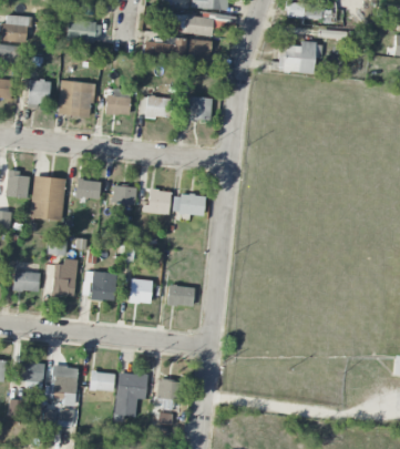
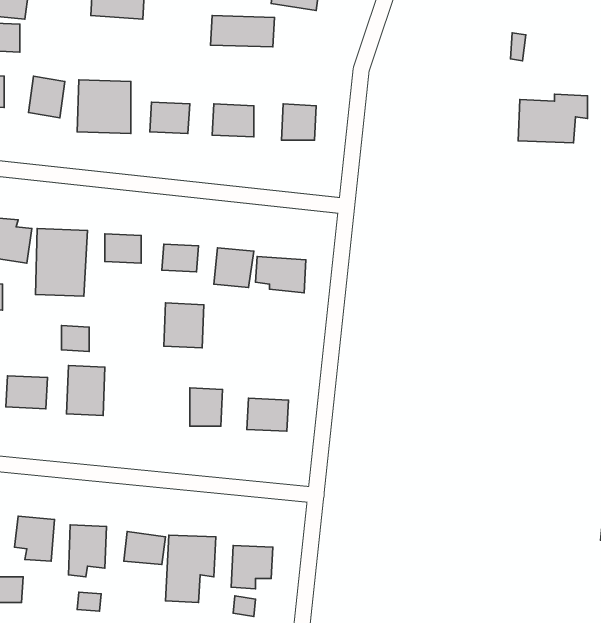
building: [185,38,211,63] -> none
building: [277,41,321,72] -> [518,94,588,143]
building: [90,272,115,300] -> [164,303,204,348]

